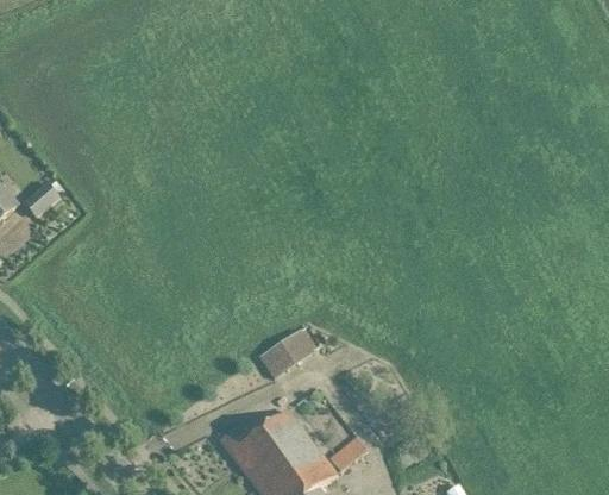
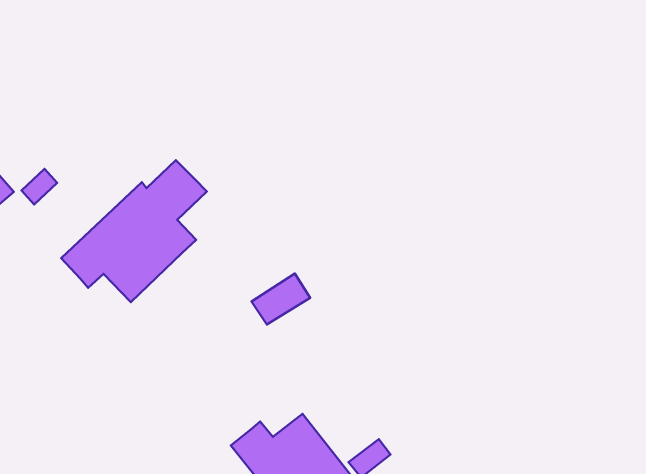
building: none -> [61,160,207,302]
building: [258,328,313,376] -> [252,273,310,324]

